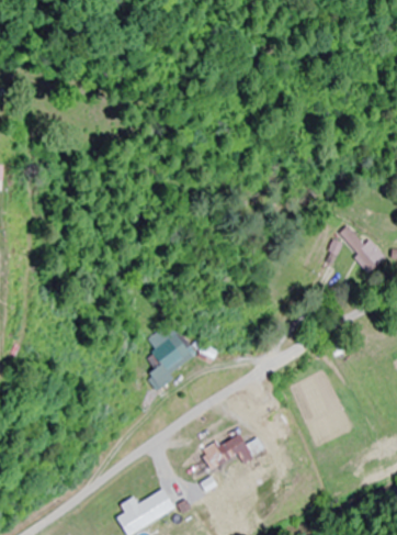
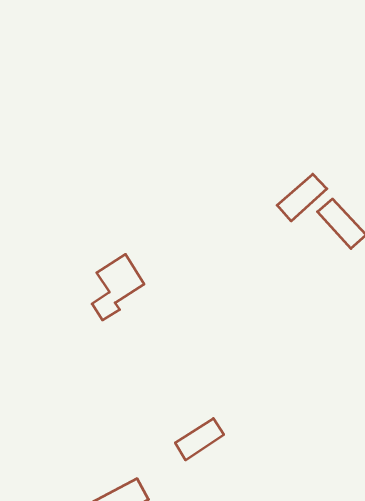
building: none -> [277,174,327,221]
building: [147,327,196,390] -> [92,254,144,320]

